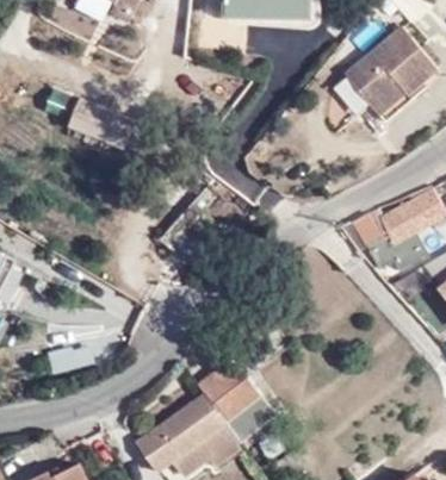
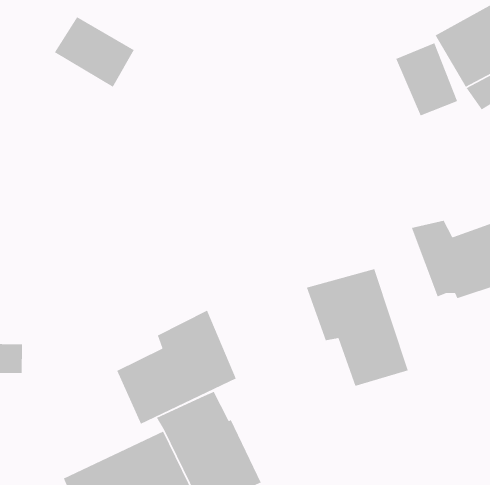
building: none -> [306,268,409,387]
building: none -> [116,309,237,425]

